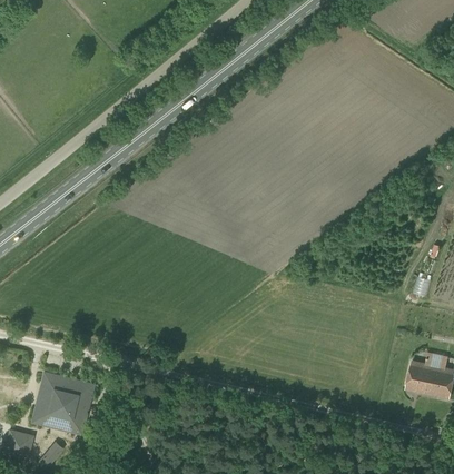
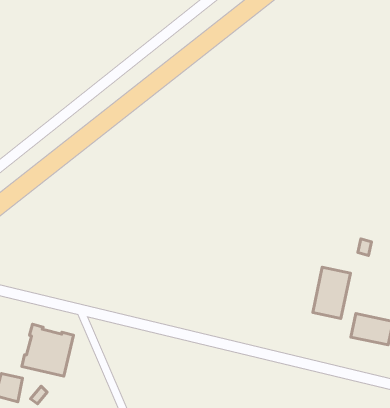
building: none -> [313,267,351,319]

